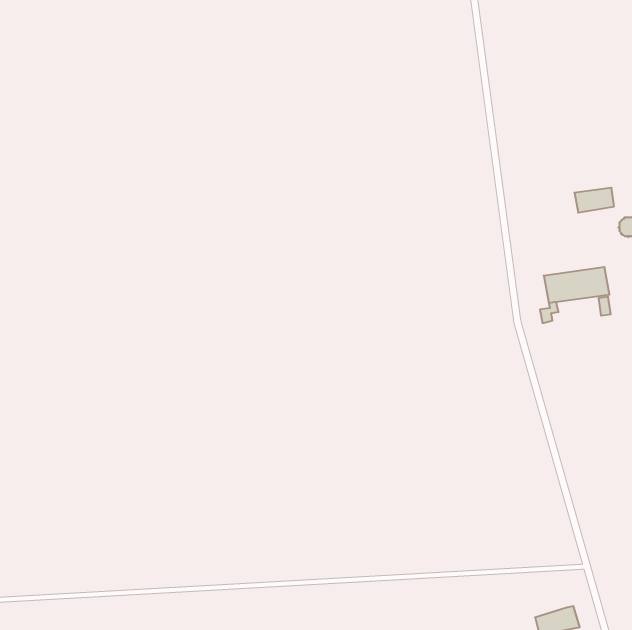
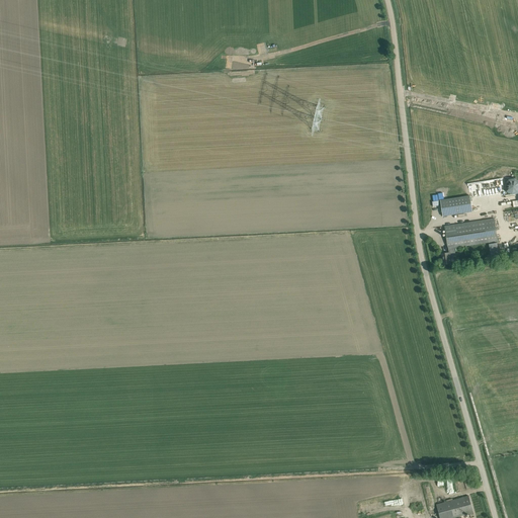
building: [574,188,614,213] -> [439,195,471,215]

